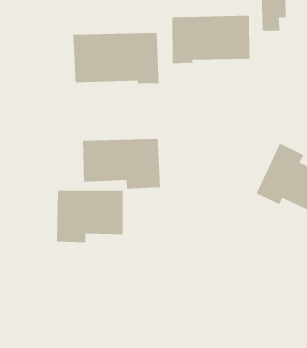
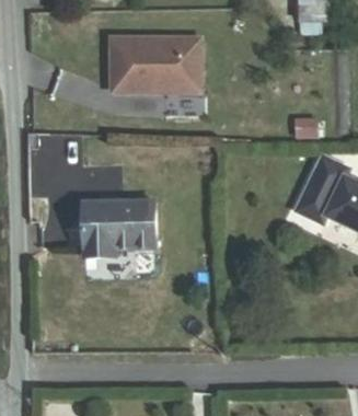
building: [172,15,250,64] -> none
building: [83,138,161,190] -> none

